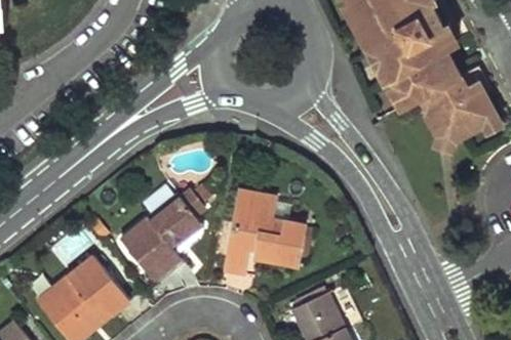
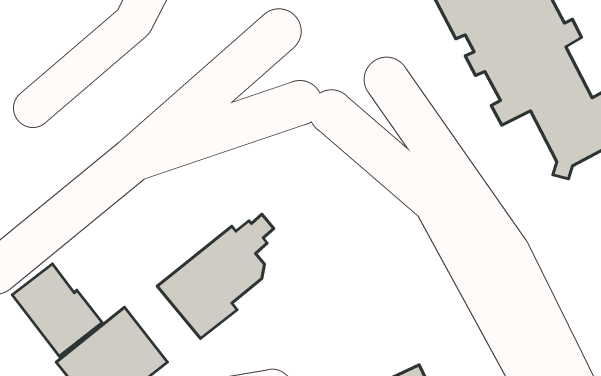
building: [225,195,301,273] -> none
building: none -> [12,264,102,356]

